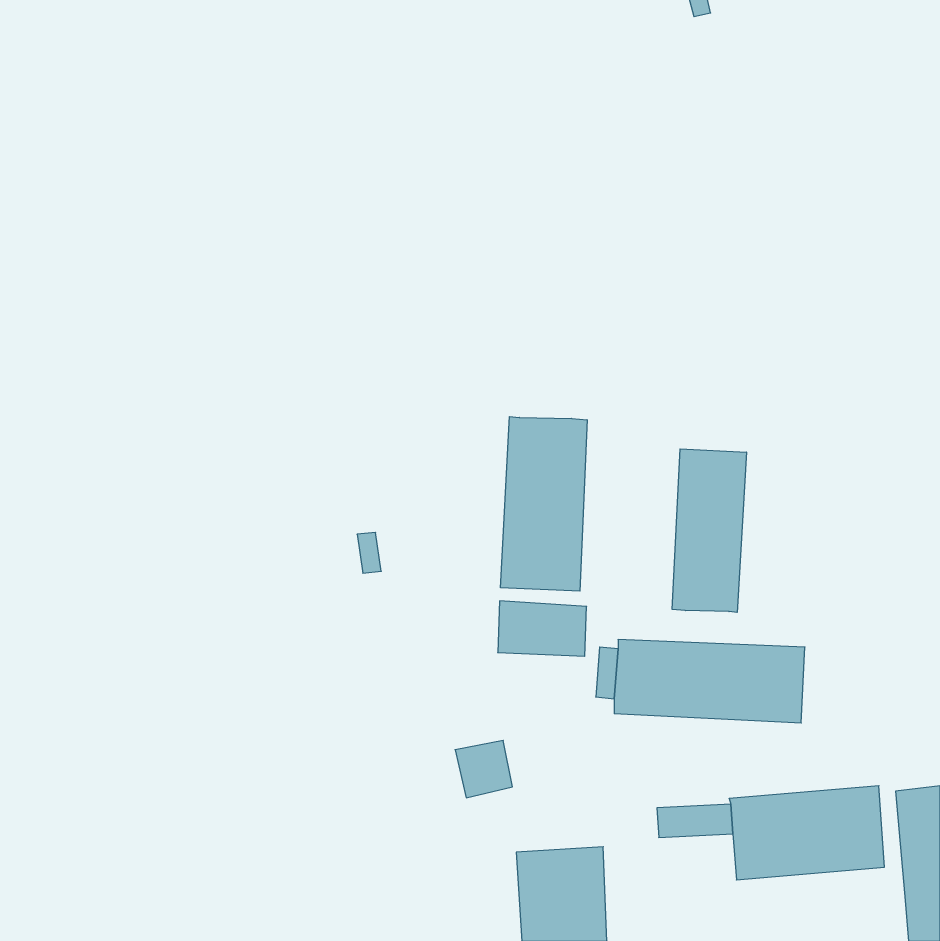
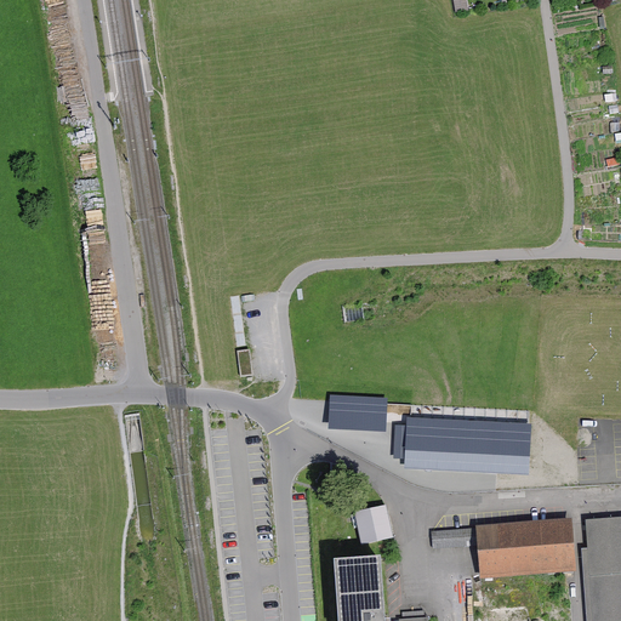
building: [501,417,587,591] -> none
building: [672,449,746,612] -> none
building: [455,740,512,798] -> [352,507,389,545]

